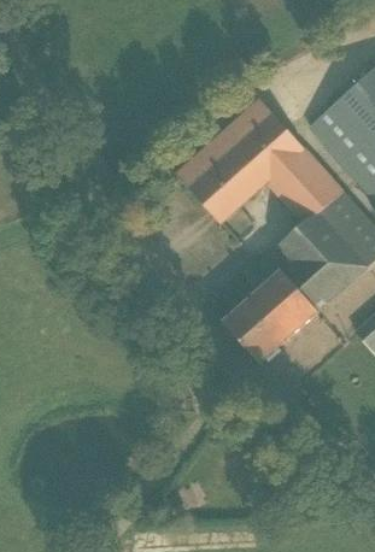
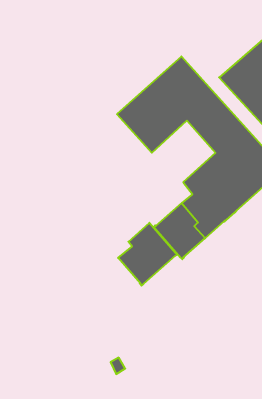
building: none -> [118,223,177,286]

